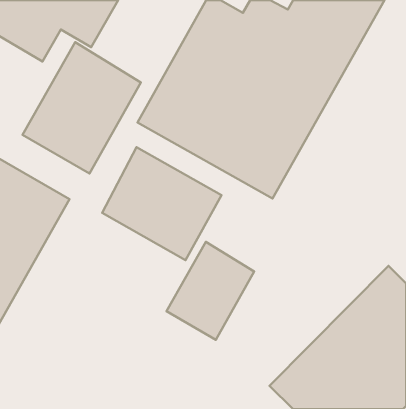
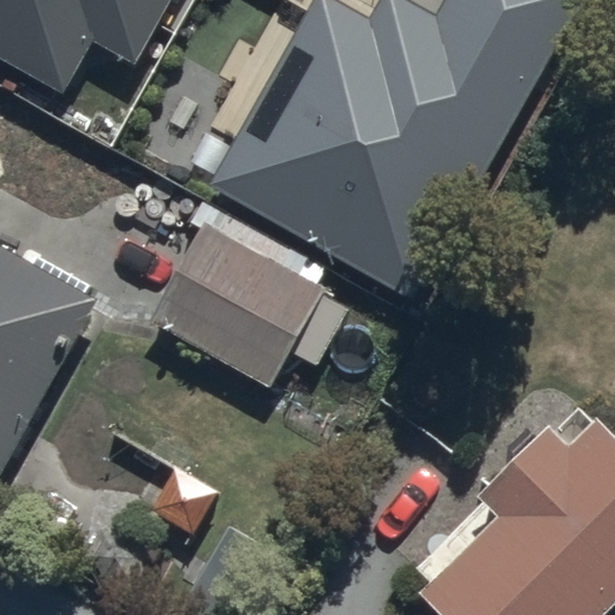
building: [23,42,141,174] -> none
building: [167,242,254,340] -> none

